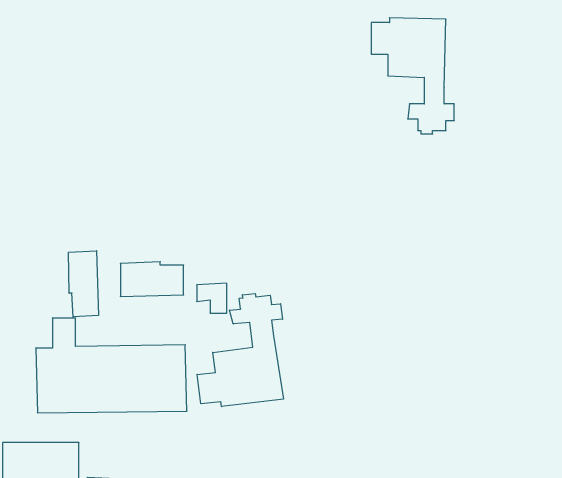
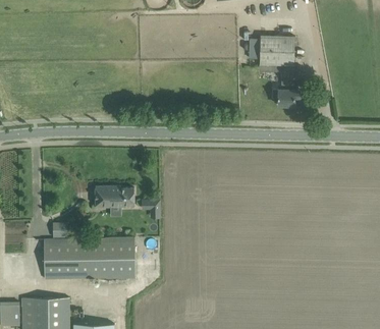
building: [69,251,98,317] -> none
building: [197,294,283,407] -> none

